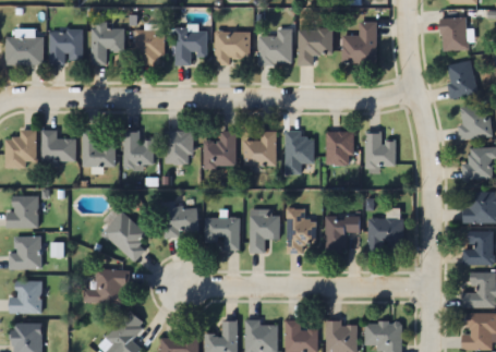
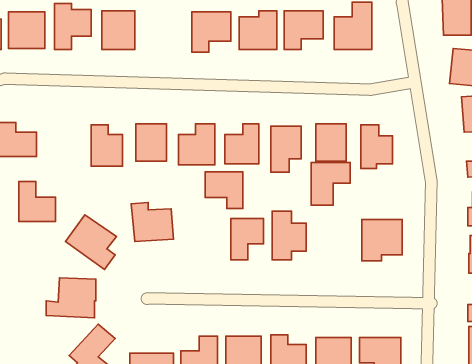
building: [176,29,206,64] -> none
building: [83,131,116,167] -> [19,181,55,221]
building: [325,215,360,253] -> [311,163,350,205]
building: [205,218,239,251] -> [205,172,243,208]

